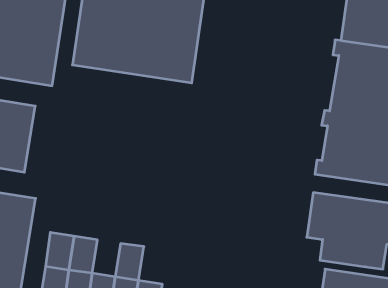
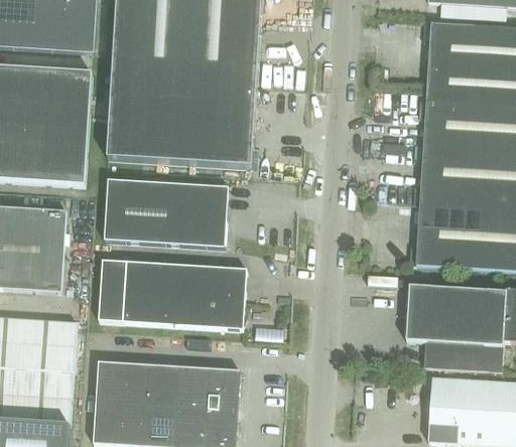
building: none -> [104,178,229,247]
building: none -> [98,259,247,328]
building: none -> [152,364,183,407]
building: none -> [209,367,240,411]

